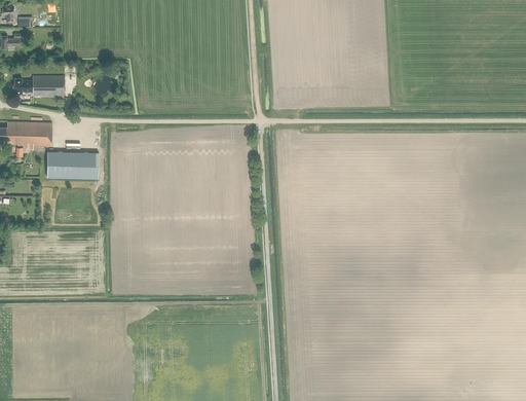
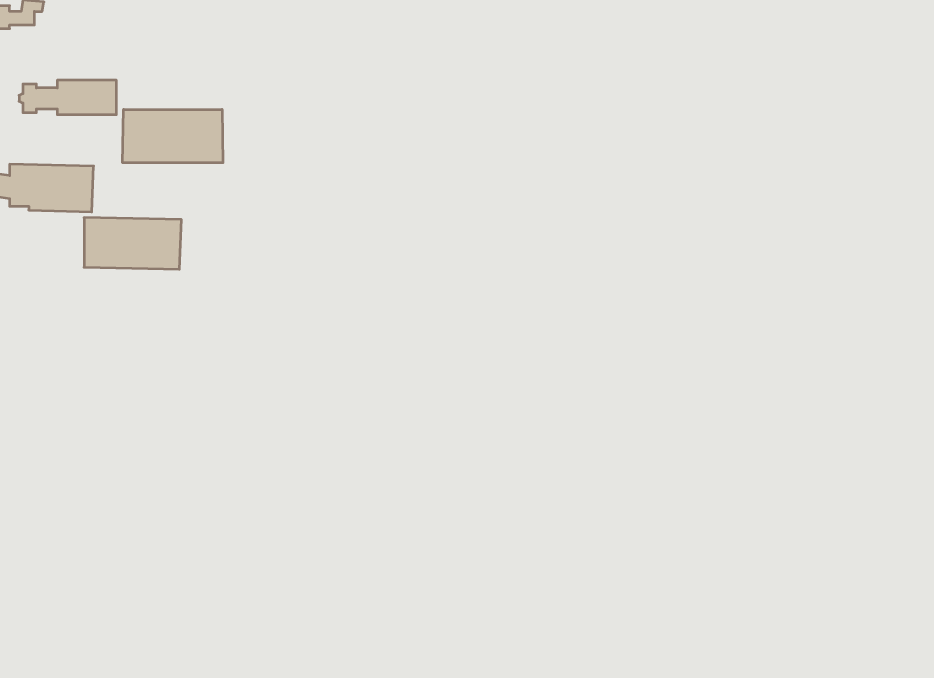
building: none -> [123,109,223,163]

